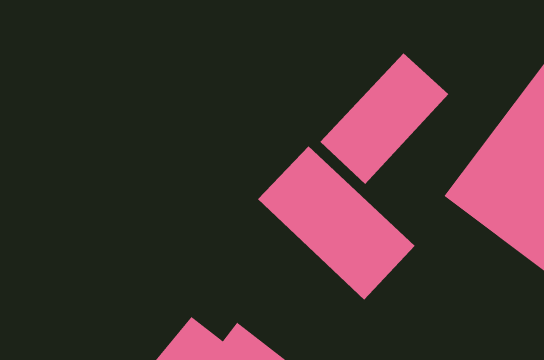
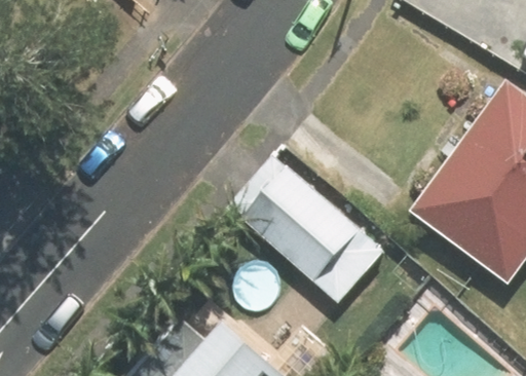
building: [319,52,449,185] -> none

